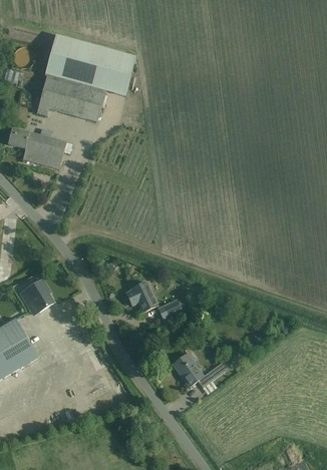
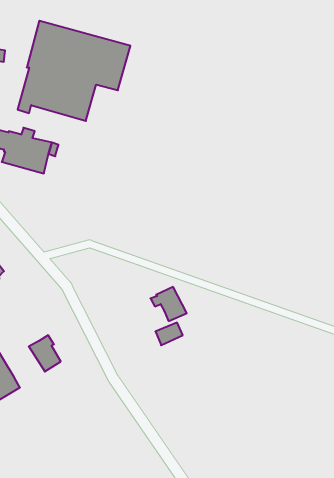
building: [25,279,53,311] -> [29,335,61,372]
building: [125,282,157,312] -> [150,287,187,321]
building: [172,346,230,387] -> none

